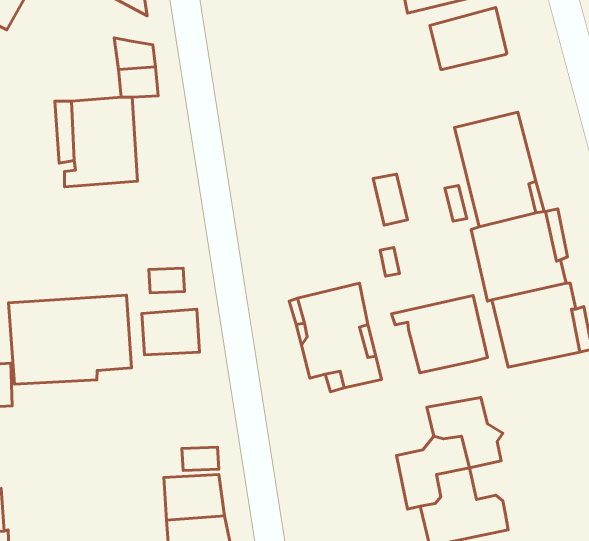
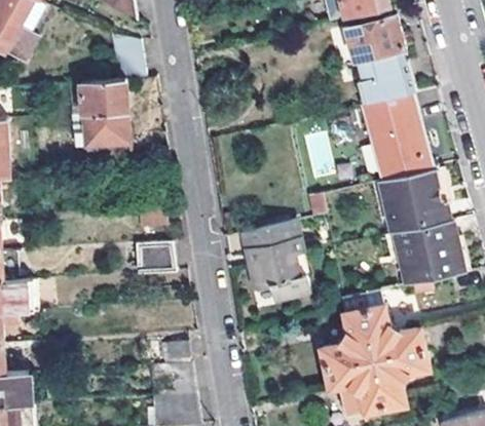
building: none -> [356,49,413,104]
building: [8,295,132,384] -> none
building: [392,296,487,373] -> none
building: none -> [376,327,428,382]

